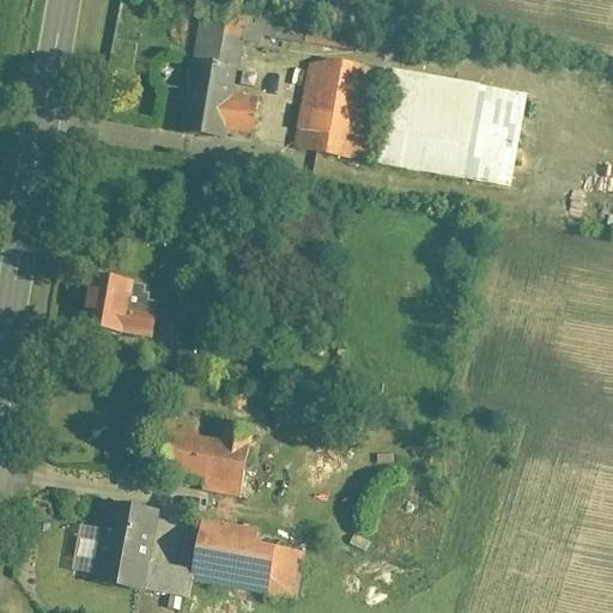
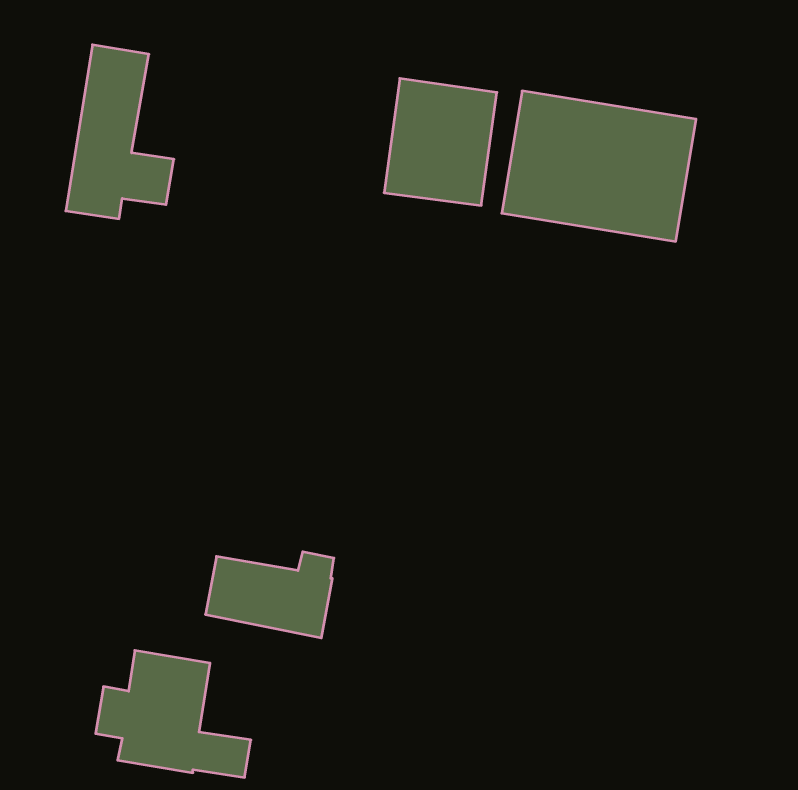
building: [176,8,259,141] -> [66,45,174,219]
building: [79,272,159,332] -> none
building: [193,523,305,596] -> none

